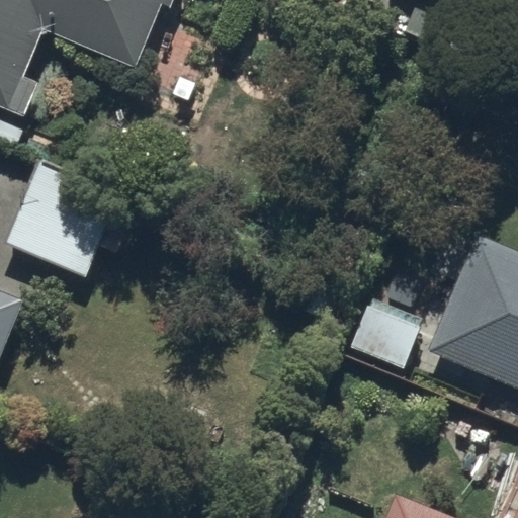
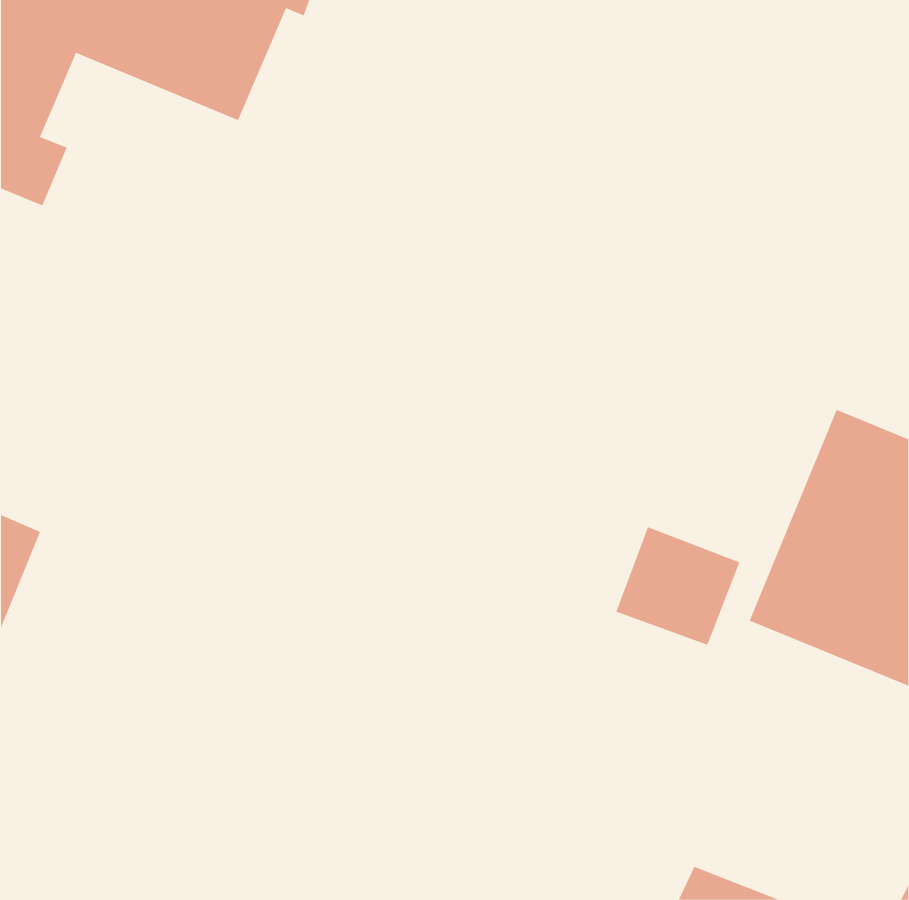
building: [6,160,141,276] -> none

